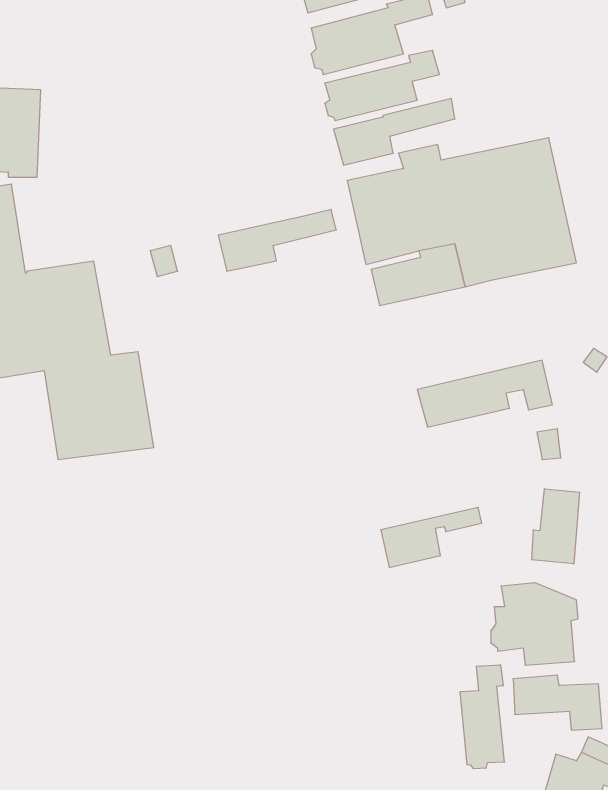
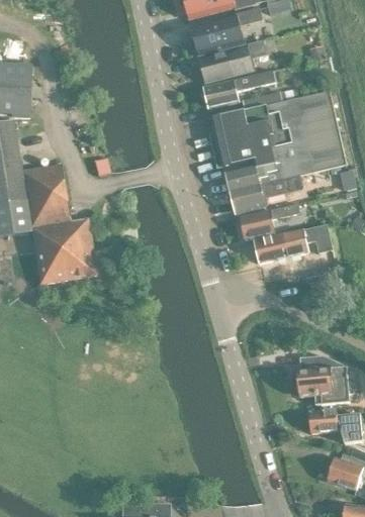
building: [218,209,336,271] -> [230,177,299,213]
building: [532,489,580,564] -> none
building: [381,508,482,568] -> [239,204,298,239]
building: [460,665,504,769] -> none

